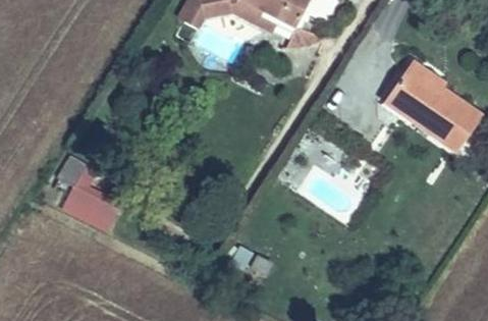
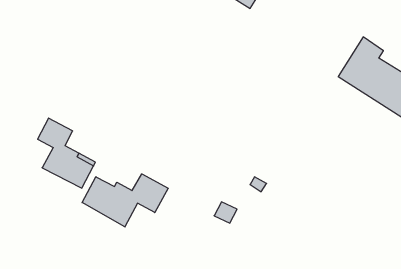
building: none -> [82,174,168,227]

